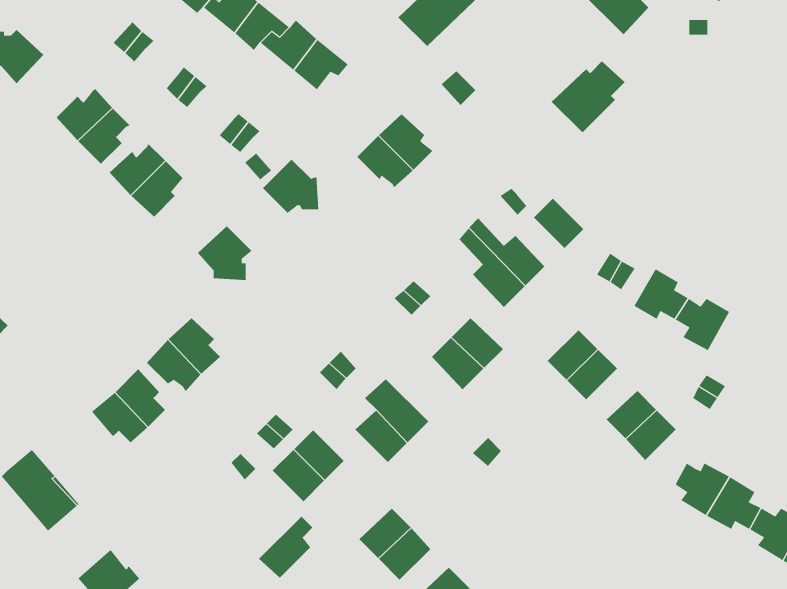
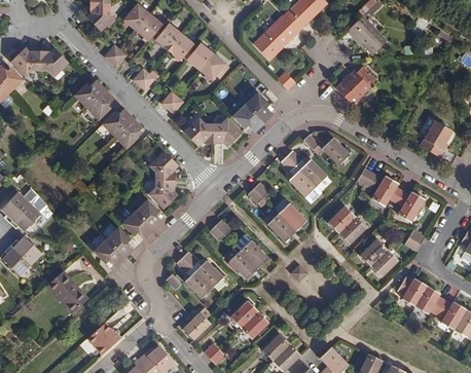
building: none -> [211,118,241,147]
building: none -> [418,119,450,155]
building: none -> [147,180,176,209]

